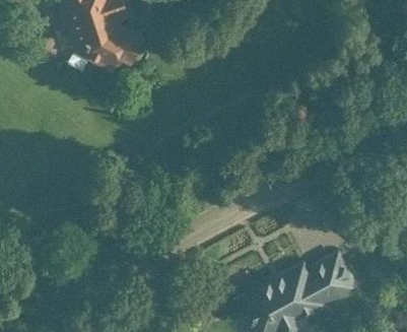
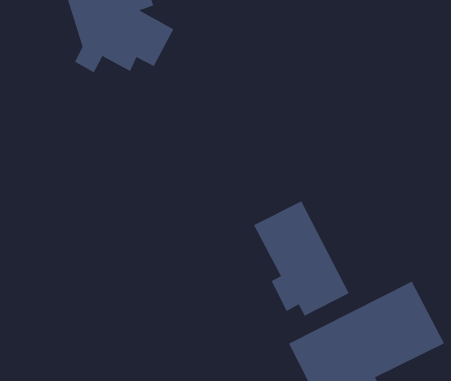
building: none -> [253,200,349,316]

